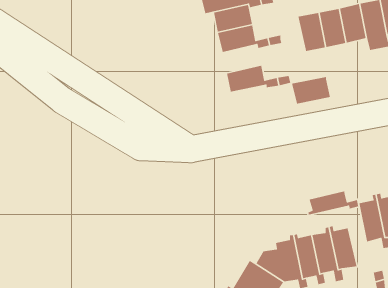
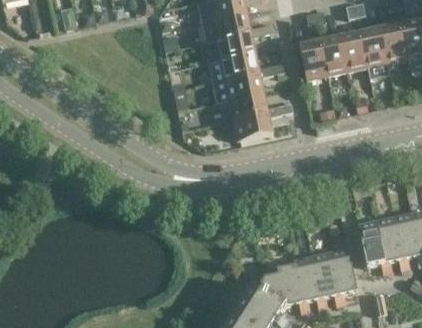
building: none -> [225,71,264,99]
building: [291,76,331,105] -> [233,111,272,139]
building: [308,191,359,215] -> none

